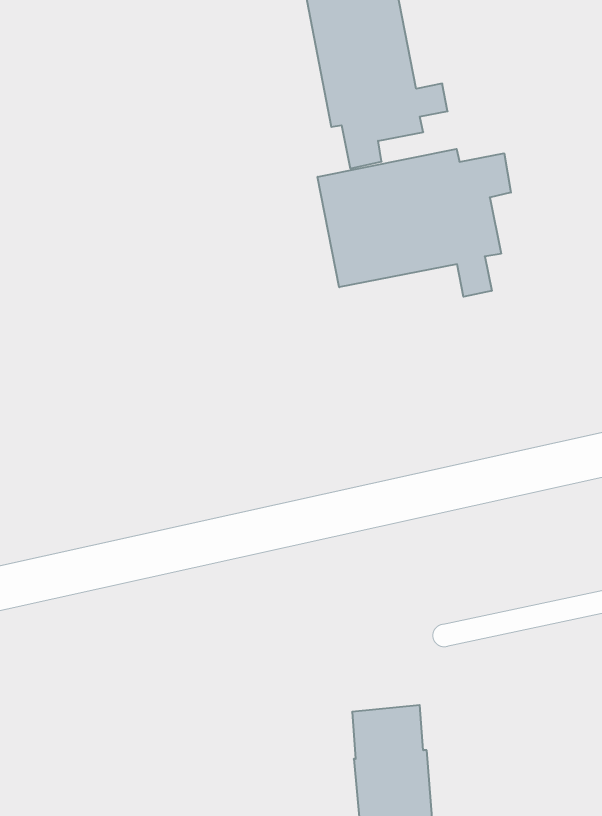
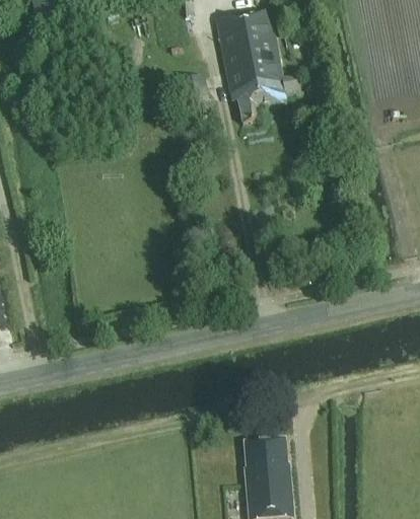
building: [318,149,511,297] -> none

